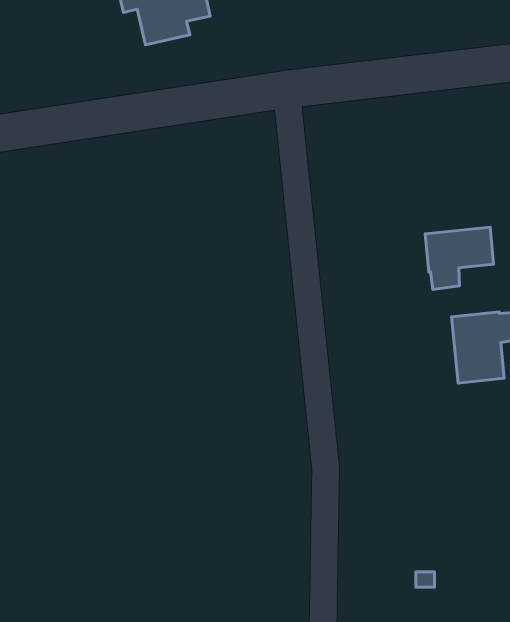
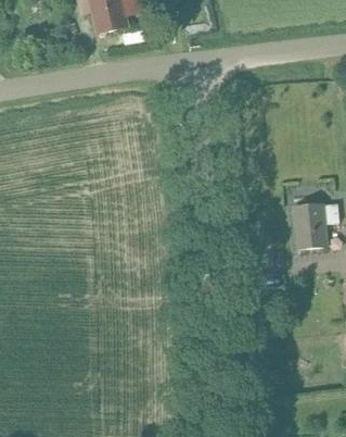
building: [425,227,494,289] -> none

